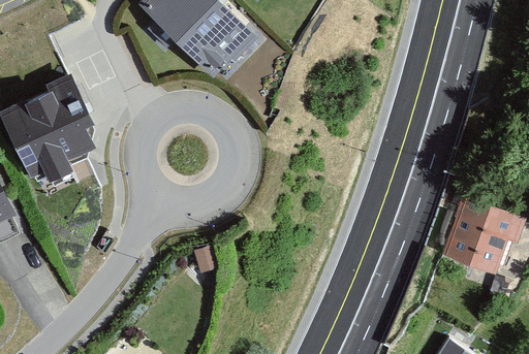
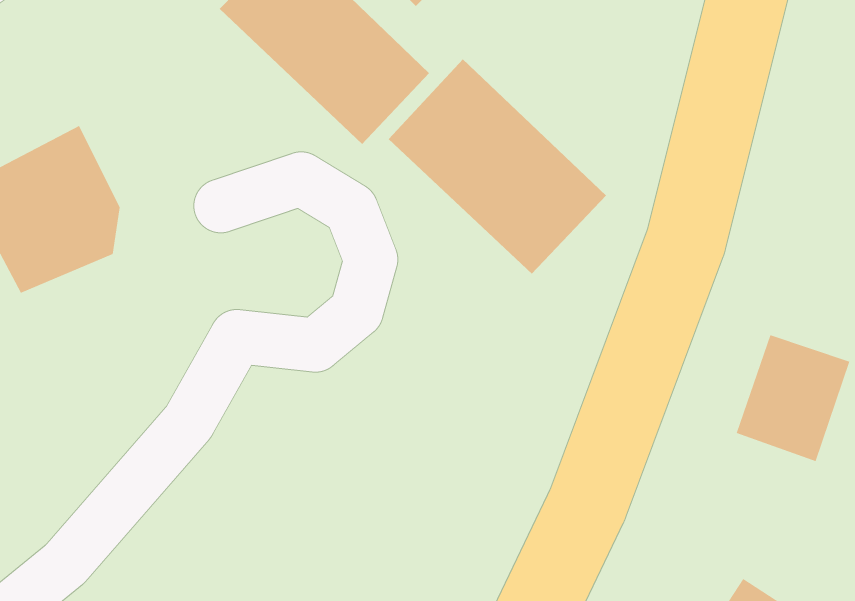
building: none -> [388,58,607,274]

